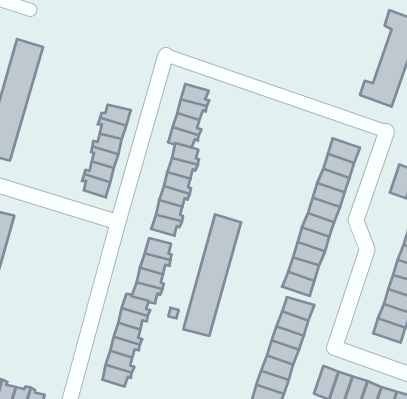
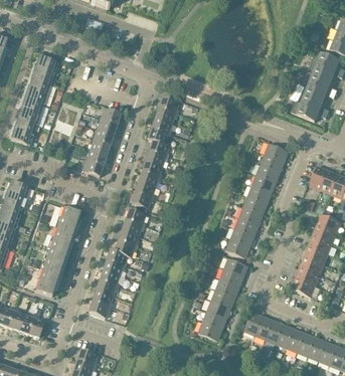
building: [183,214,241,336] -> [33,206,80,296]

